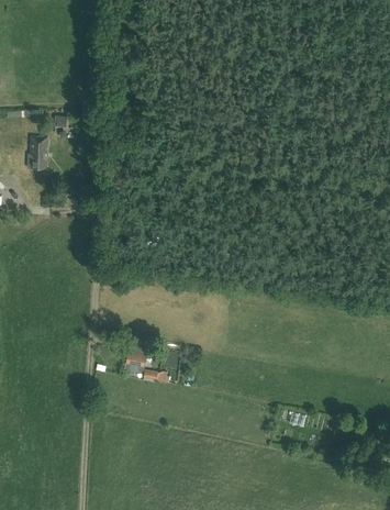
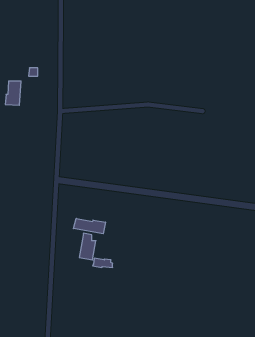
building: none -> [73,218,105,234]

